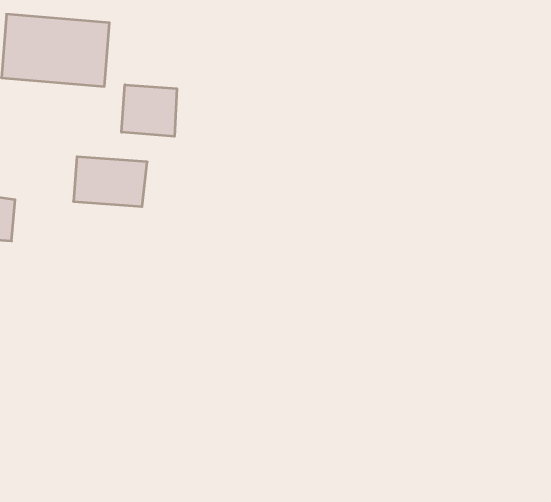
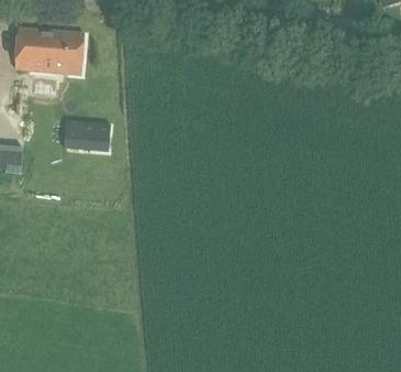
building: [122,85,177,136] -> none

